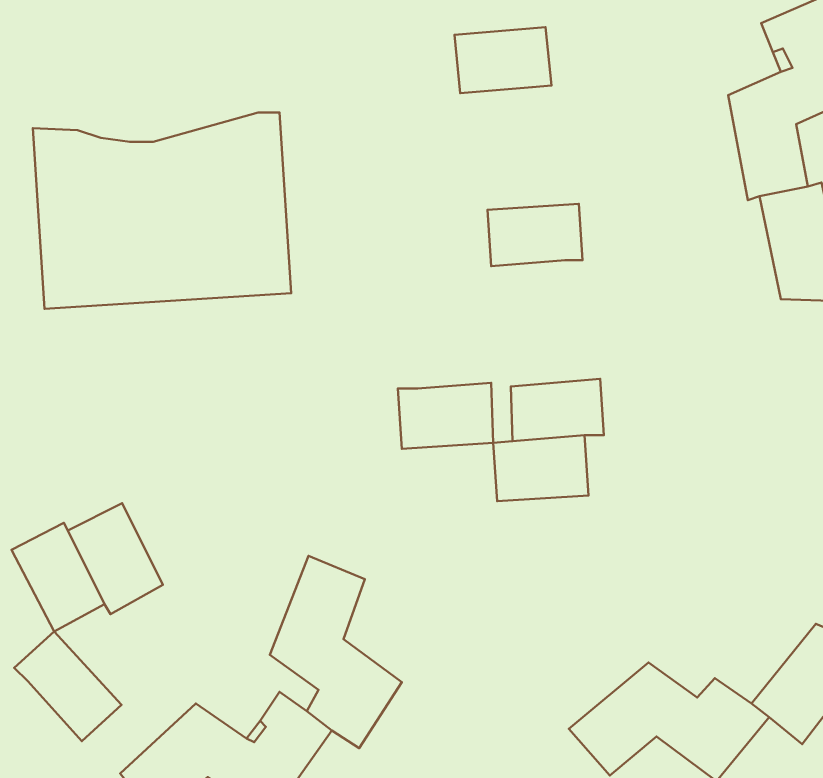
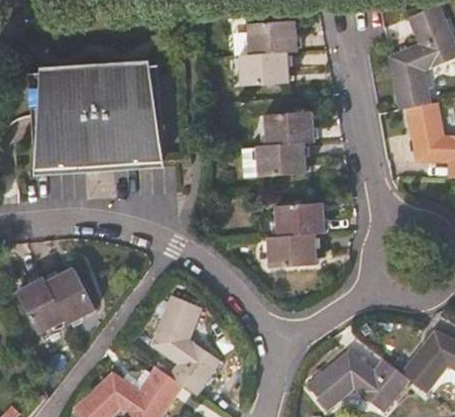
building: none -> [239,51,290,86]
building: [398,383,493,449] -> [256,141,306,176]
building: [14,632,122,741] -> none

